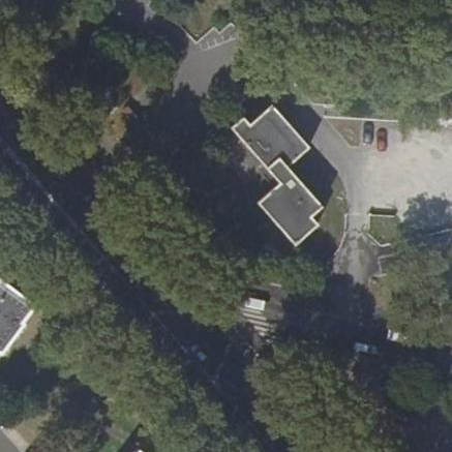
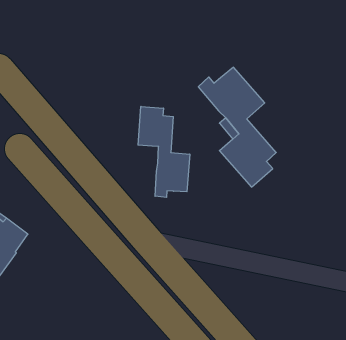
building: none -> [138,106,190,197]

